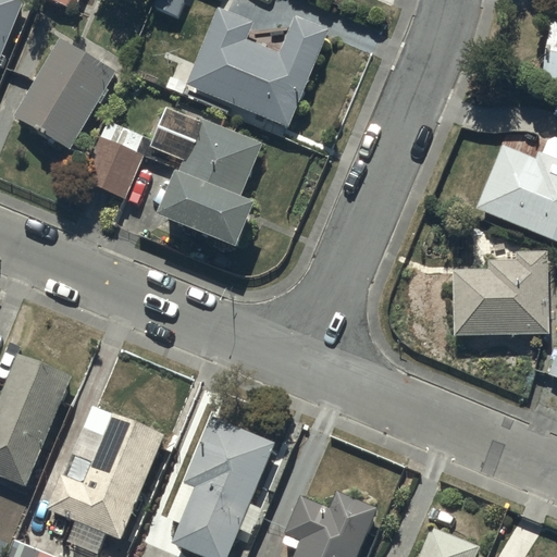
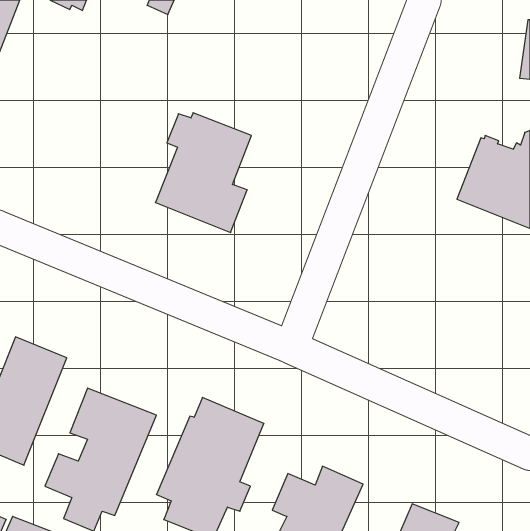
building: [186,9,327,126] -> none
building: [12,39,116,149] -> none
building: [81,123,148,200] -> none
building: [453,246,548,335] -> none

